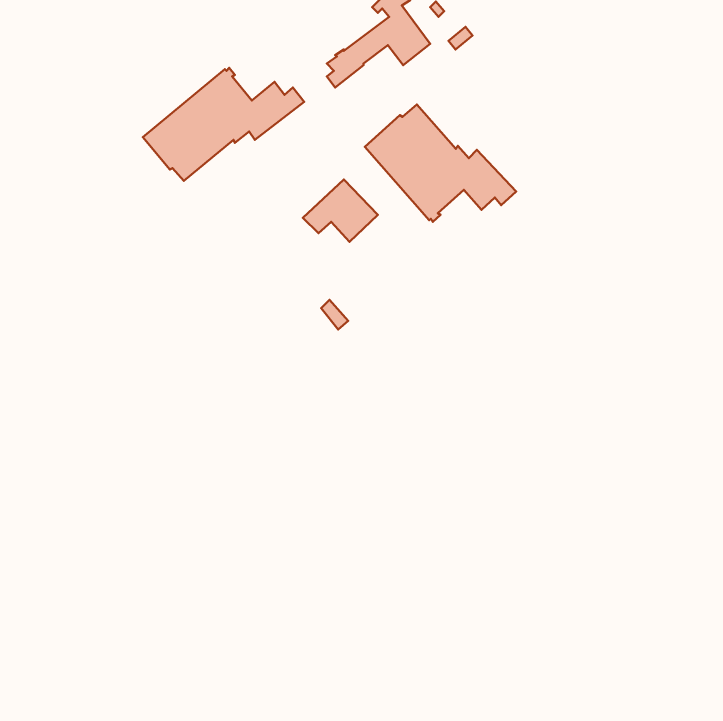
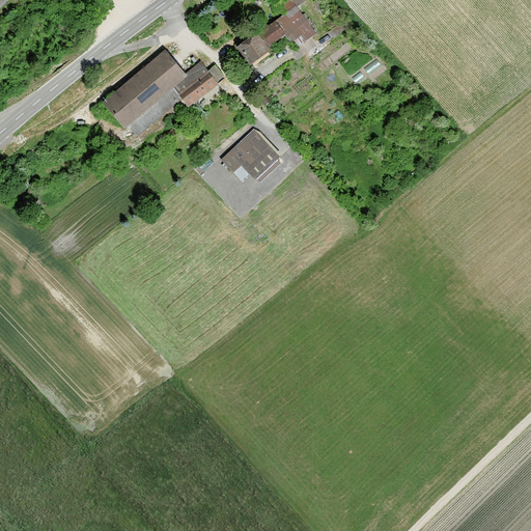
building: [365,104,516,222] -> none

